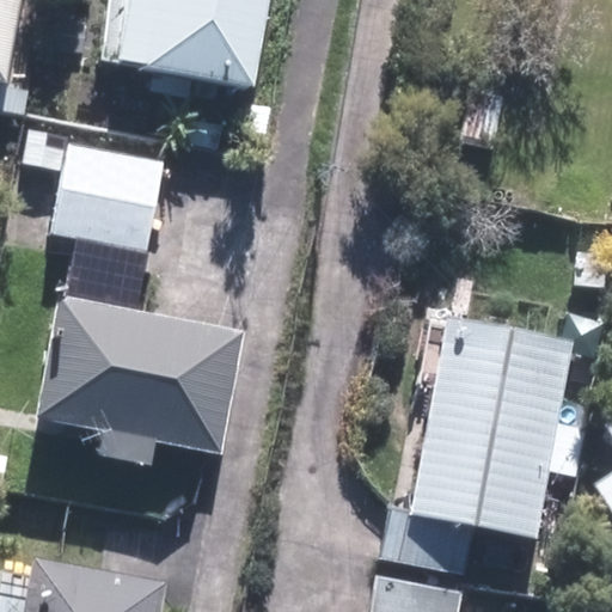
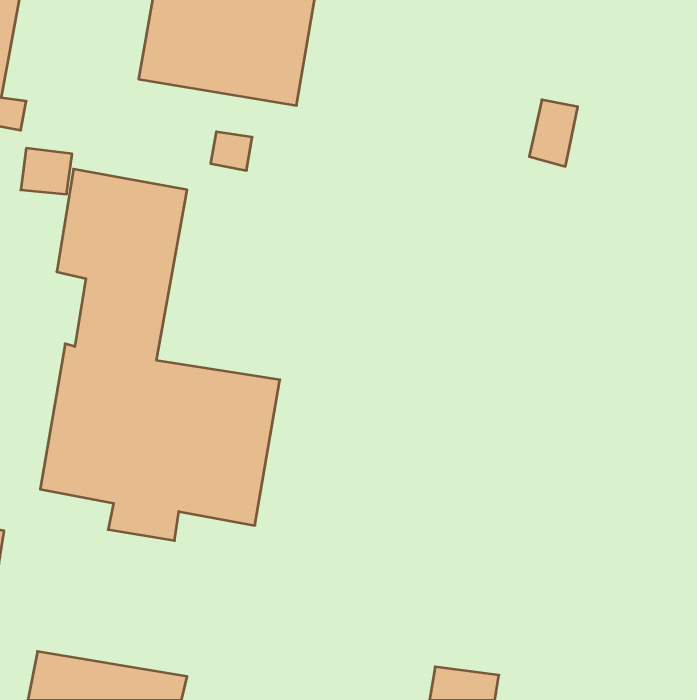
building: [380,318,570,568] -> none

